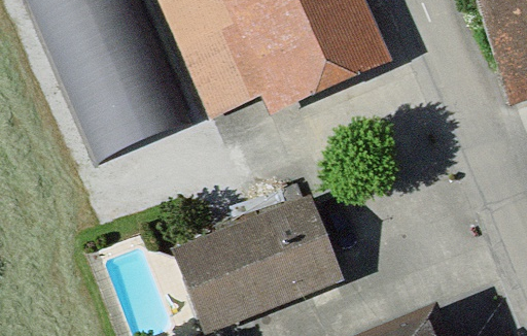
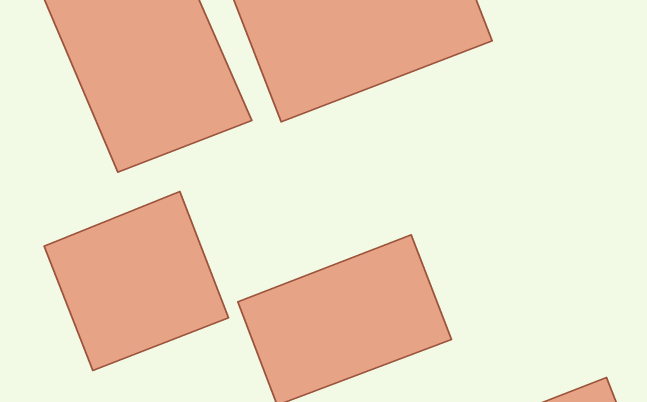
building: none -> [44,191,229,370]

